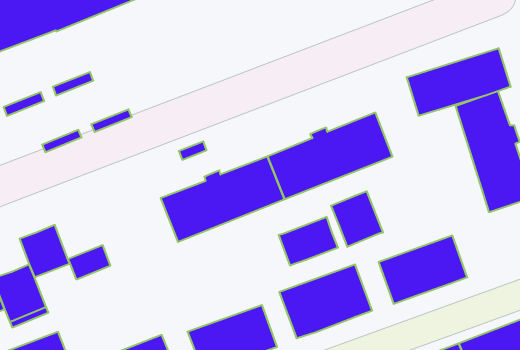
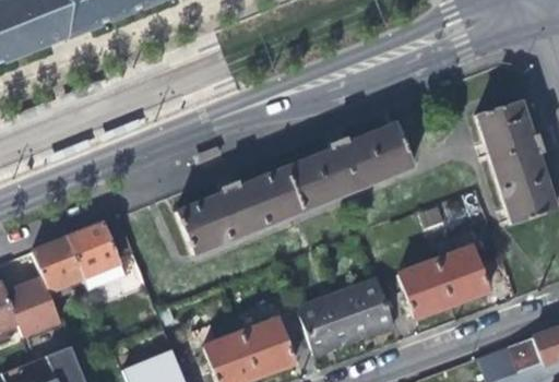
building: [407,48,511,116] -> none
building: [331,191,383,247] -> none
building: none -> [68,215,133,271]
building: [279,217,338,266] -> none

